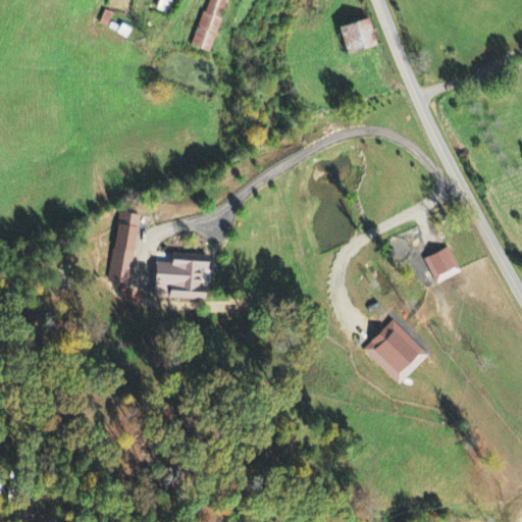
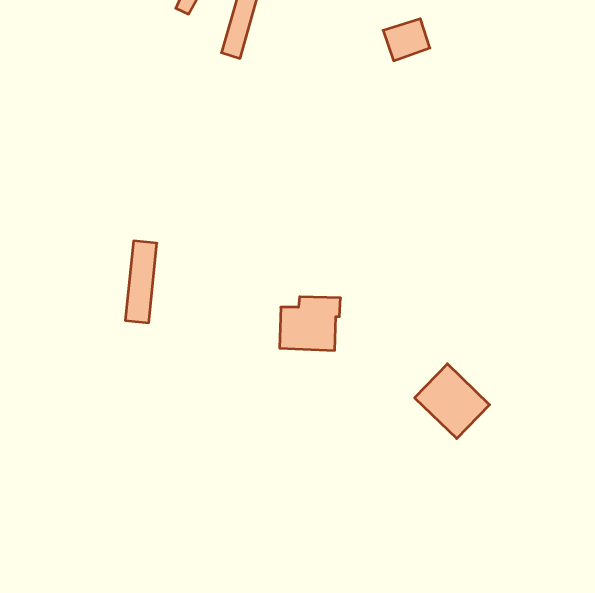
building: [425,244,462,280] -> none
building: [154,250,207,297] -> [280,297,341,350]

